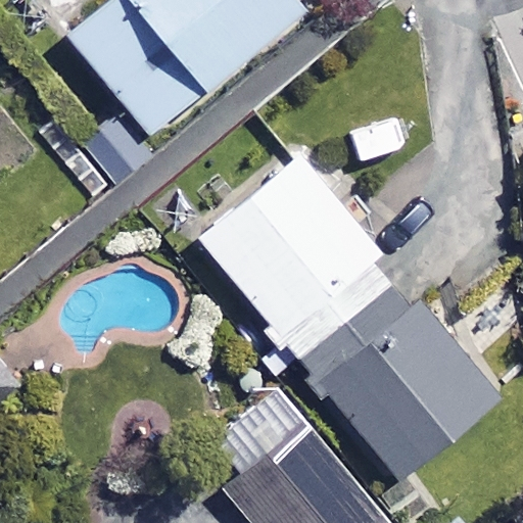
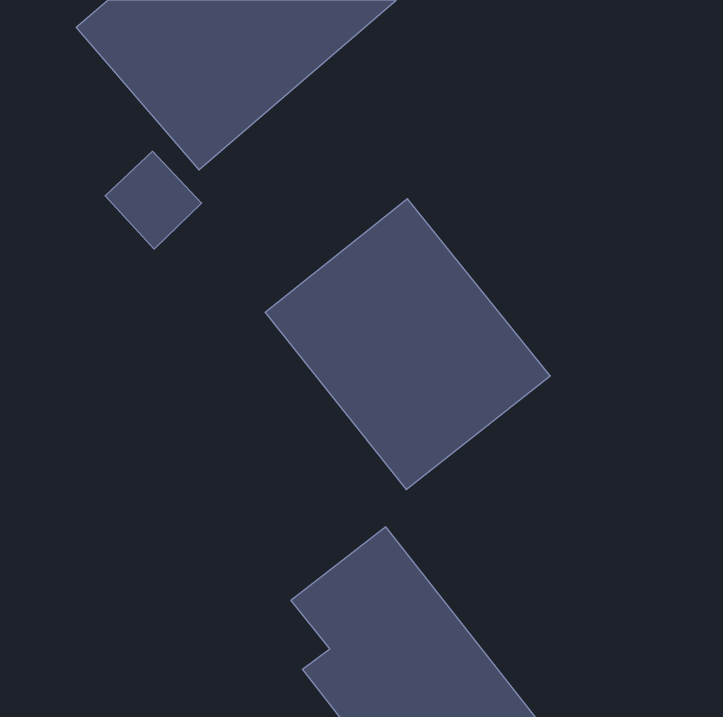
building: [308,289,502,483] -> none

